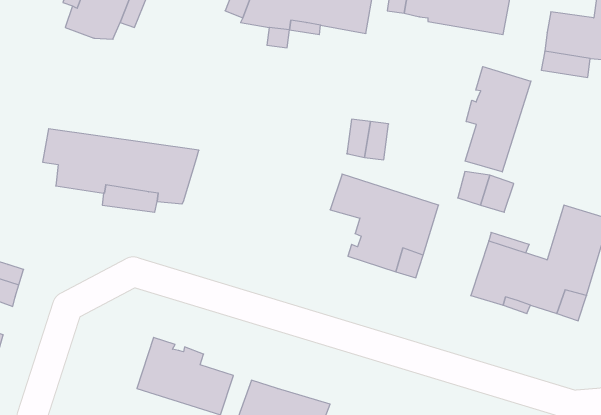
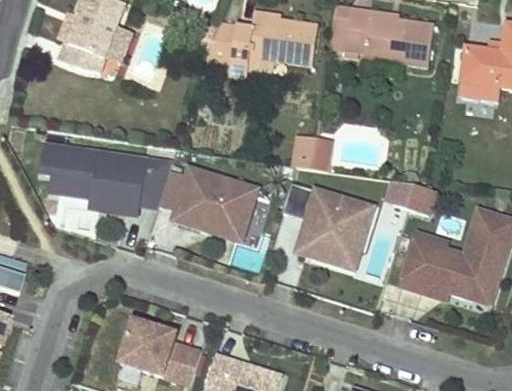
building: [465,67,531,172] -> none
building: none -> [159,165,259,233]

